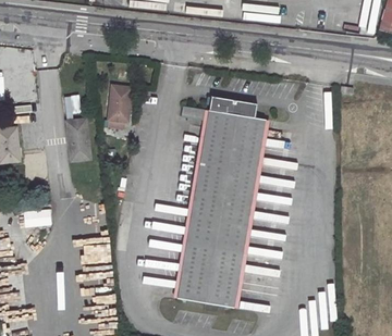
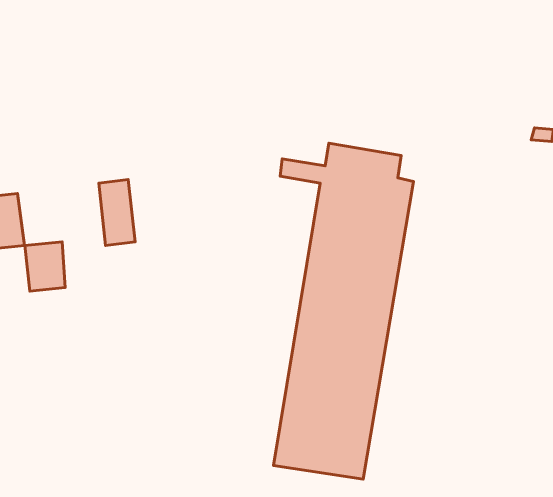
building: [108,86,132,129] -> none
building: none -> [25,242,65,291]

